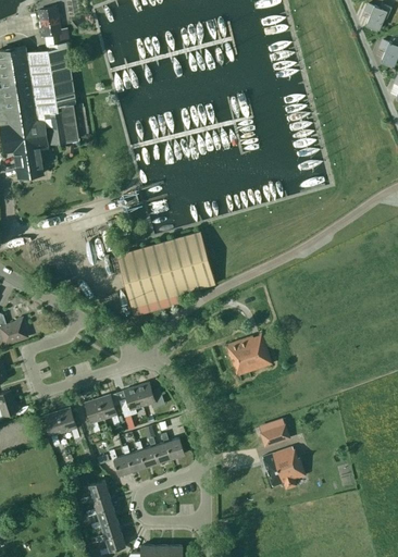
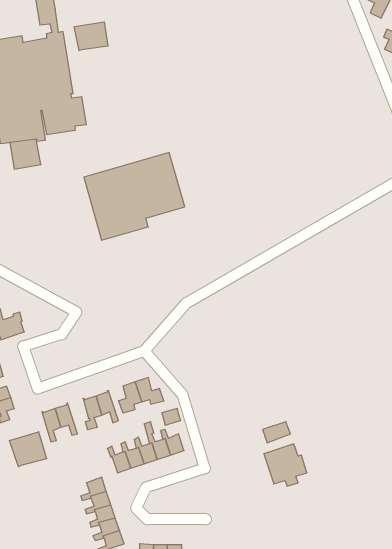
building: none -> [74,22,108,51]
building: [116,231,215,317] -> [84,153,185,240]
building: [226,333,272,375] -> none
building: none -> [9,432,46,467]

